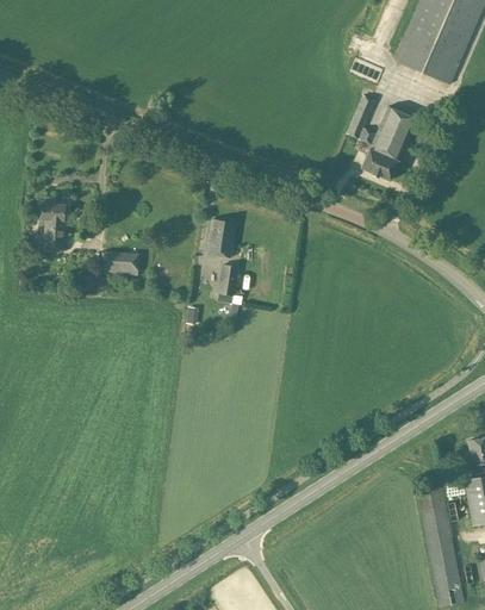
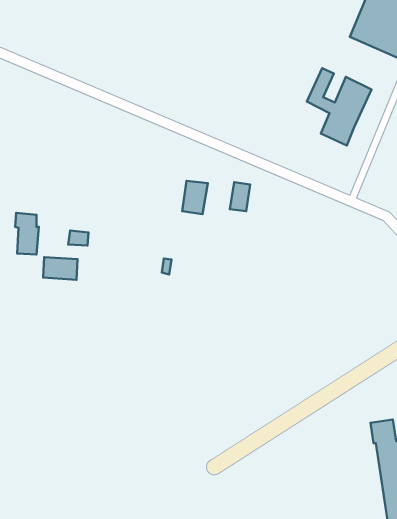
building: [42,203,68,249] -> [15,213,39,255]
building: [101,250,139,275] -> [43,257,77,280]
building: [218,263,241,295] -> [230,182,250,211]

